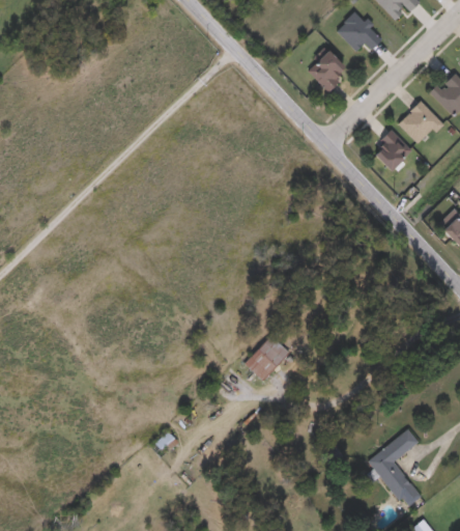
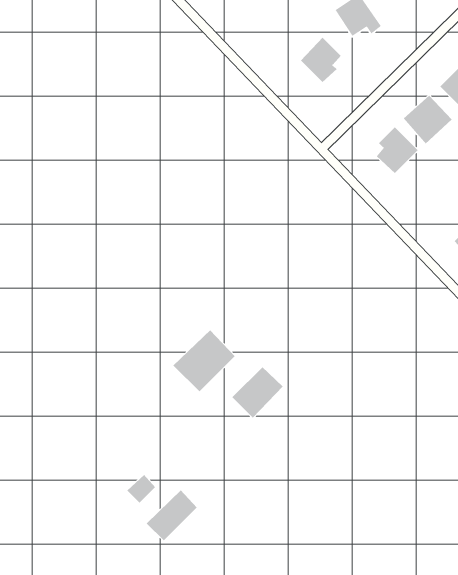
building: none -> [173,329,235,392]
building: [371,431,424,510] -> none
building: none -> [146,489,198,541]

